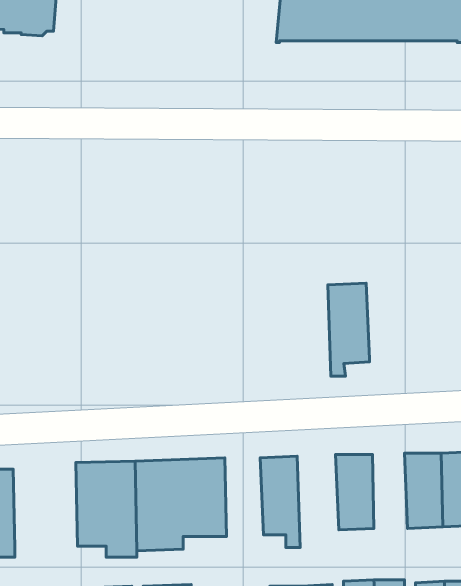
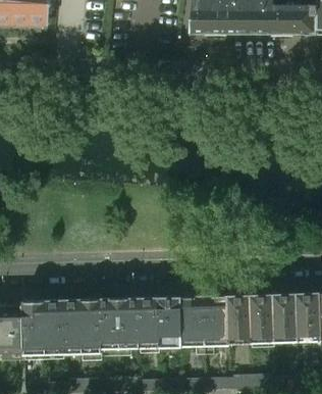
building: [328,283,369,376] -> [204,295,230,354]
building: none -> [252,294,274,342]
building: none -> [158,297,182,347]
building: none -> [23,300,64,354]

